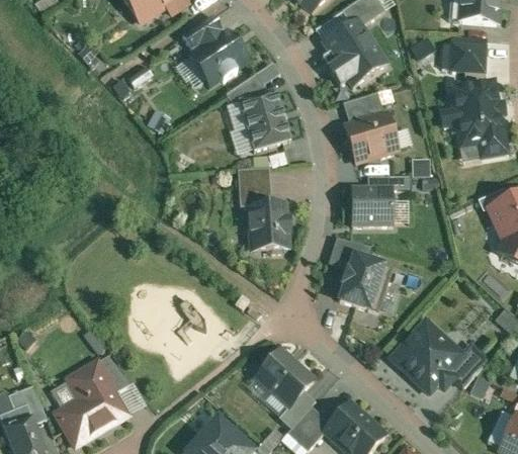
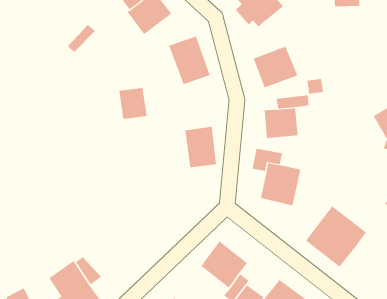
building: [440,80,505,155] -> none
building: [345,94,382,122] -> none
building: [238,169,271,206] -> [118,87,147,119]
building: [449,348,486,385] -> none

